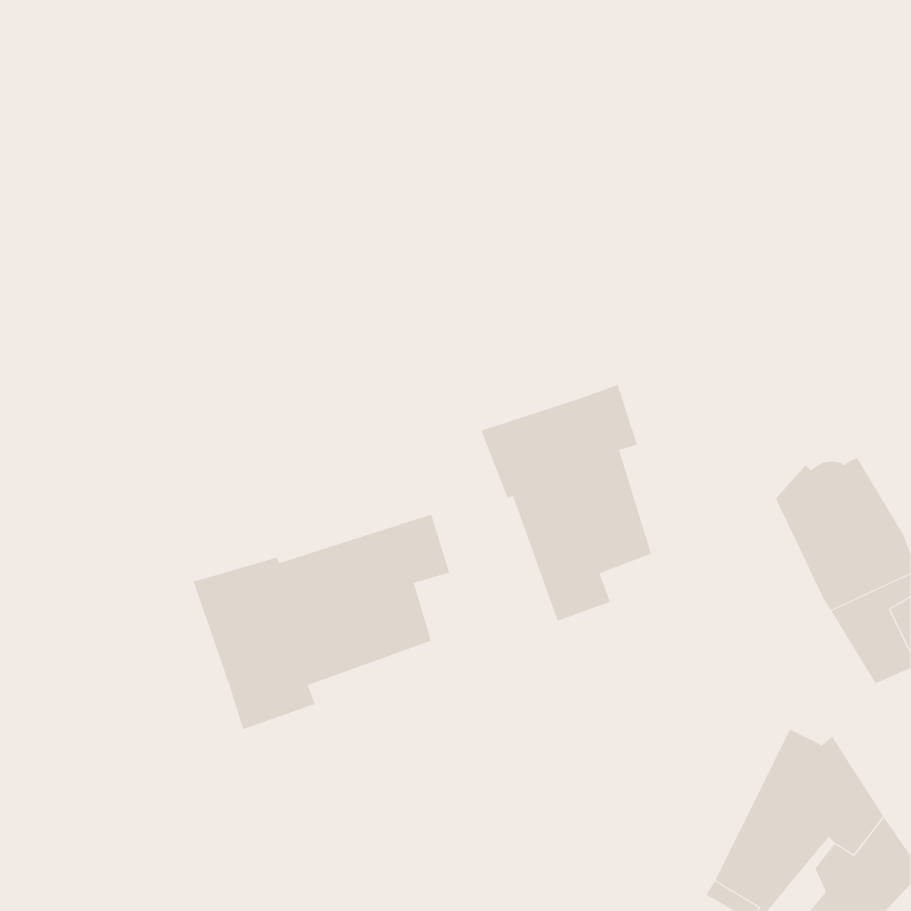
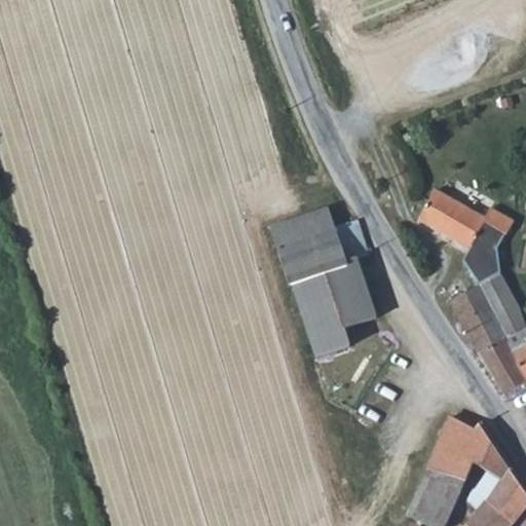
building: none -> [419,190,512,251]
building: none -> [270,210,333,248]
building: [193,514,450,730] -> none

